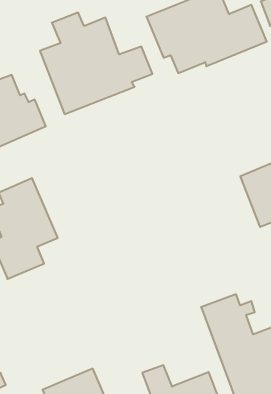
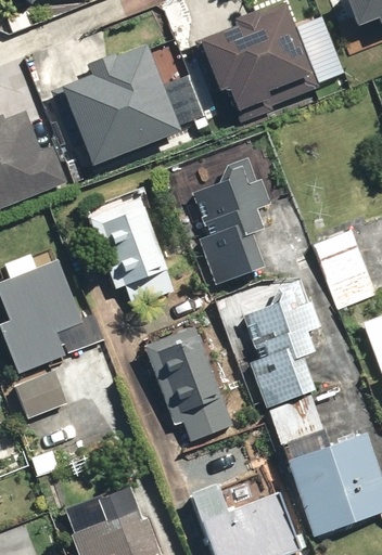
building: none -> [193,158,271,285]
building: none -> [87,188,178,299]
building: none -> [246,278,320,408]
building: none -> [143,325,237,440]
building: none -> [15,369,69,421]

